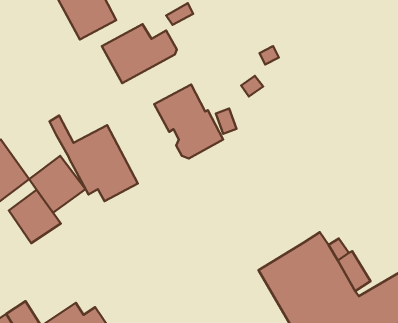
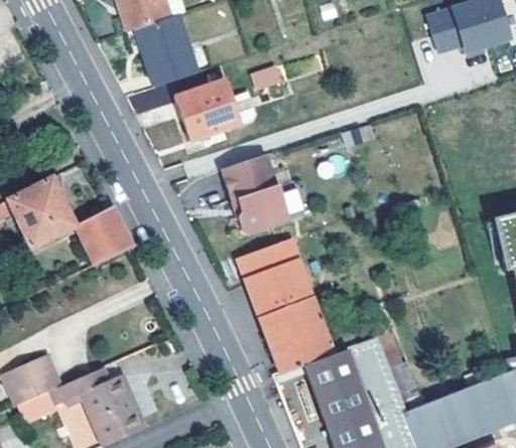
building: [49,116,138,201] -> none
building: none -> [238,240,357,374]
building: [9,190,61,243] -> none

